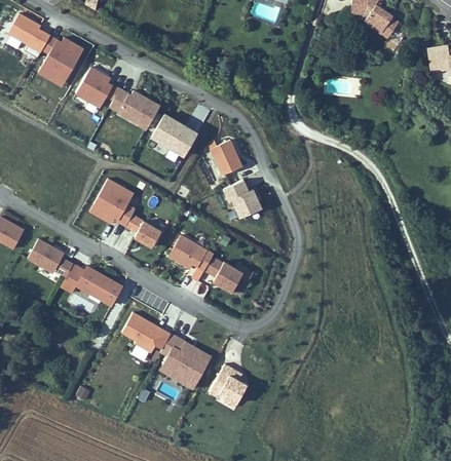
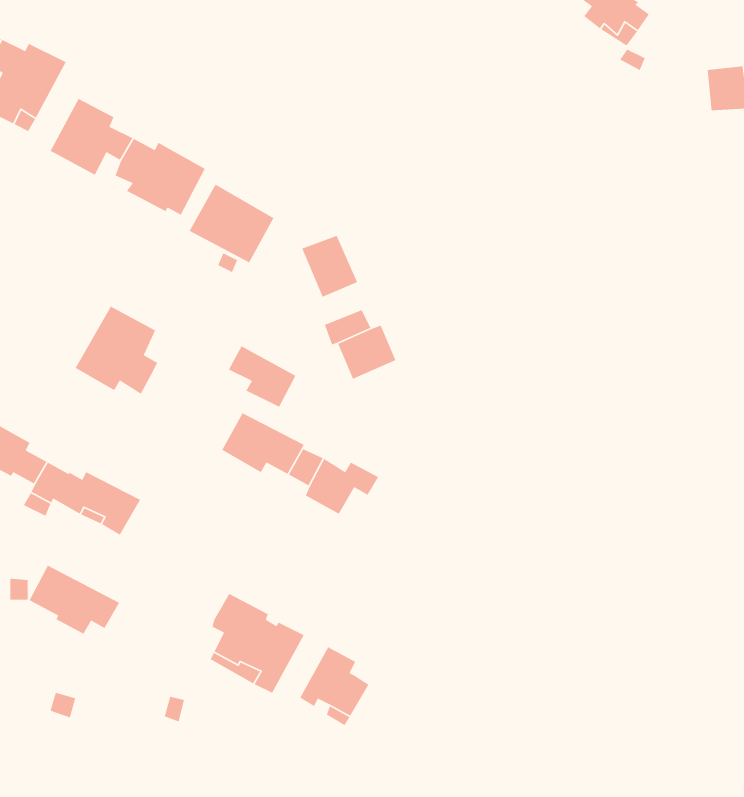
building: [124,214,161,247] -> [228,345,297,408]
building: [122,313,172,351] -> [29,564,120,635]

